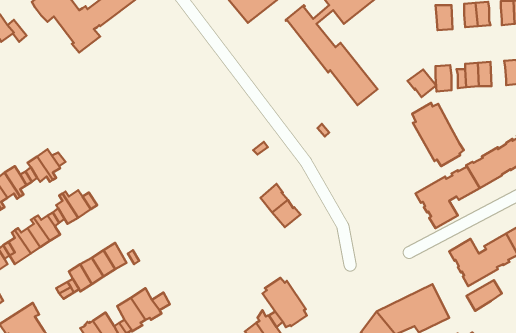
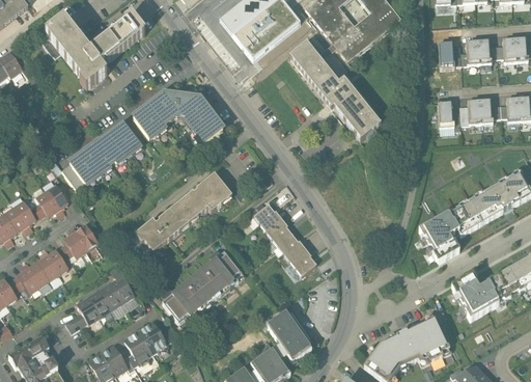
building: none -> [133,93,223,145]
building: [407,69,436,97] -> none
building: none -> [61,124,140,190]
building: [412,103,464,166] -> none
building: none -> [135,172,231,250]
building: none -> [247,203,281,230]
building: none -> [289,247,316,275]
building: none -> [162,248,242,322]
building: [466,280,502,311] -> none

